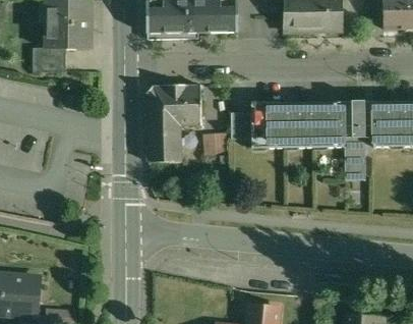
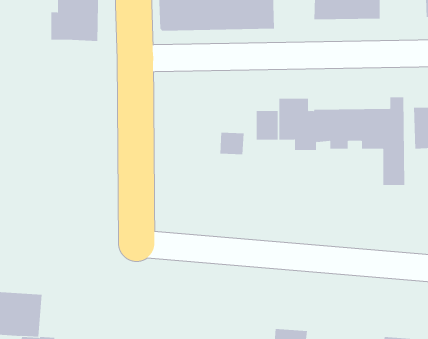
building: [34,46,67,71] -> none
building: [146,83,202,161] -> none

